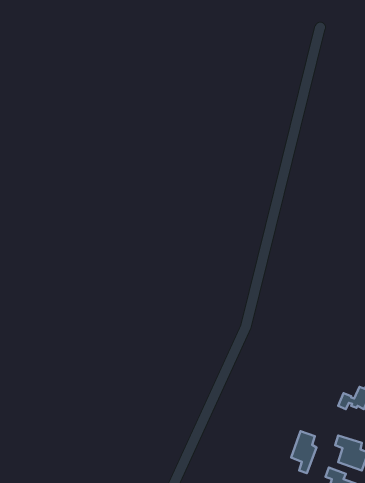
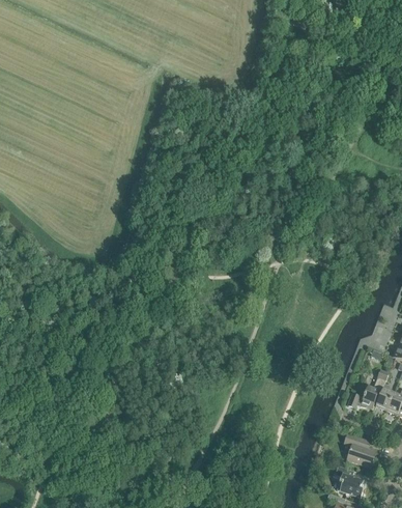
building: [291,431,317,473] -> none

